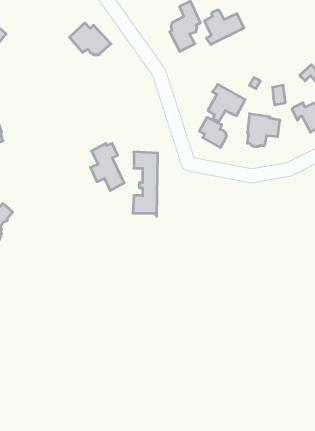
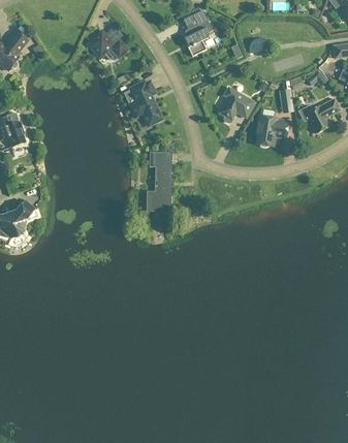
building: [205,10,244,45] -> none
building: [199,117,226,148] -> none
building: [90,143,124,190] -> [129,81,161,125]

